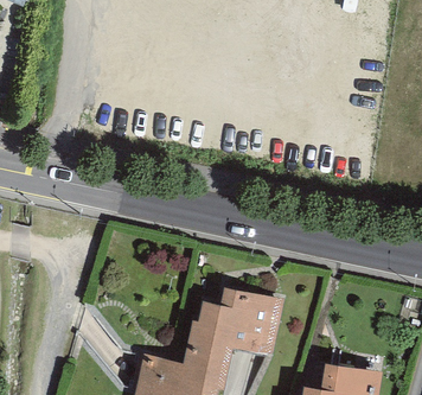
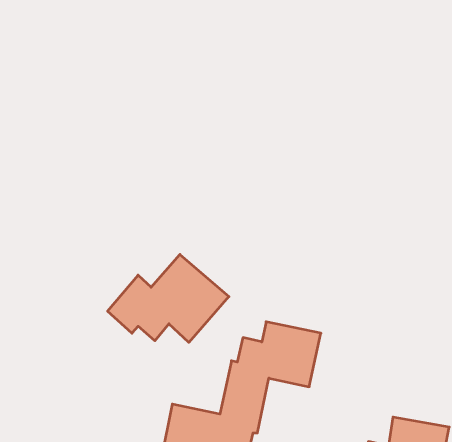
building: none -> [108,254,229,342]

